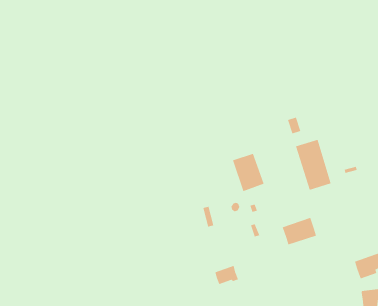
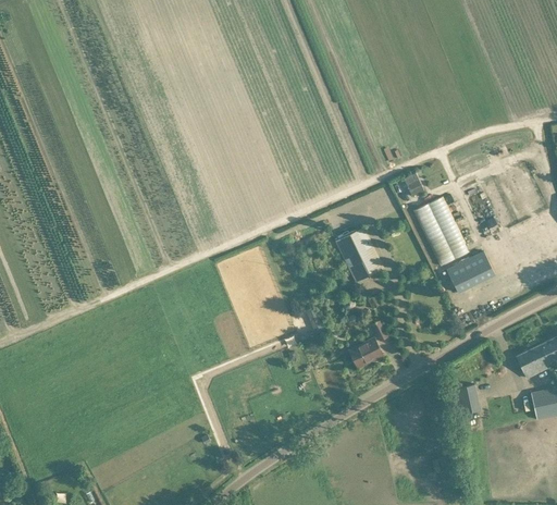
building: [282,217,317,245] -> [446,251,494,293]
building: [214,265,239,286] -> [348,337,382,368]
building: none -> [451,384,480,415]

